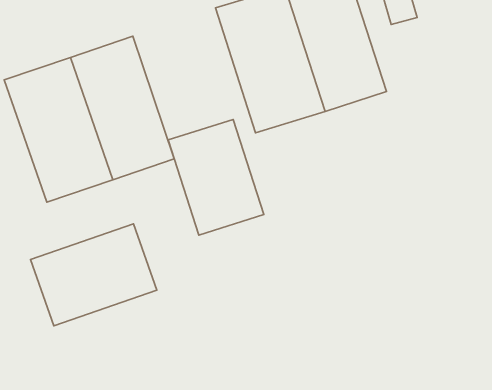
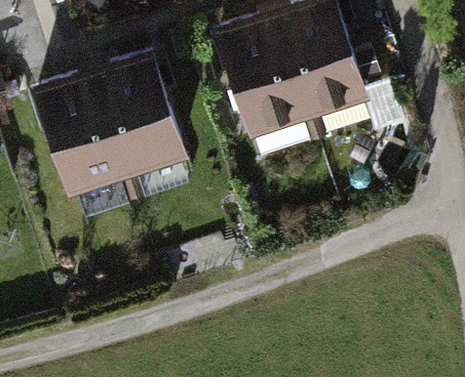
building: [168,119,264,235] -> none
building: [30,224,157,326] -> none

